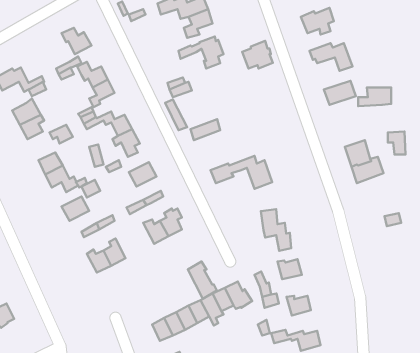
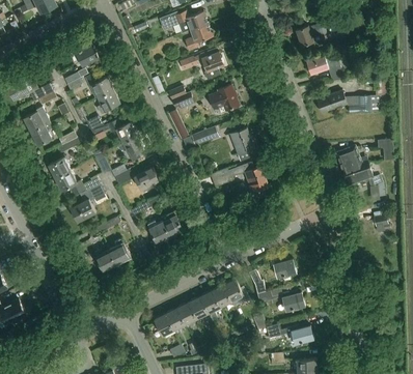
building: [242,41,273,68] -> [209,84,238,110]
building: none -> [230,126,256,161]
building: [261,209,291,251] -> none
building: [188,261,217,299] -> none

